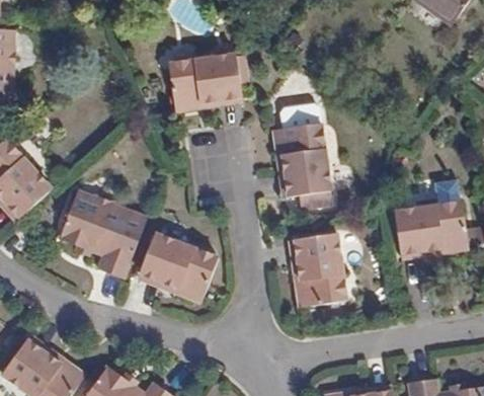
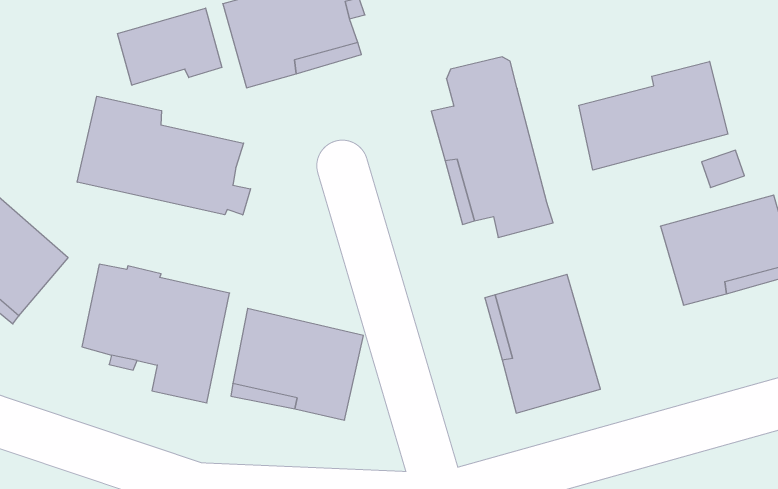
building: none -> [118,8,222,85]
building: none -> [77,96,251,215]
building: none -> [579,61,728,170]

